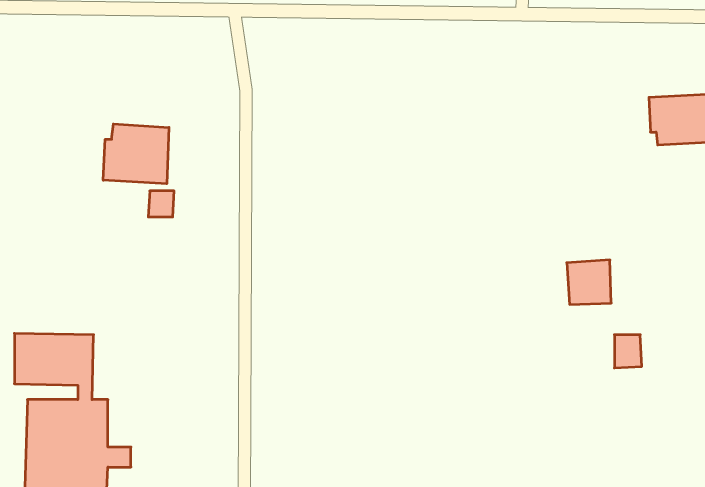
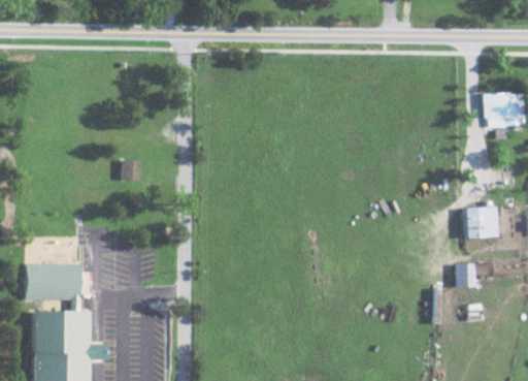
building: [103,124,169,184] -> none
building: [567,260,611,304] -> [466,205,498,237]

